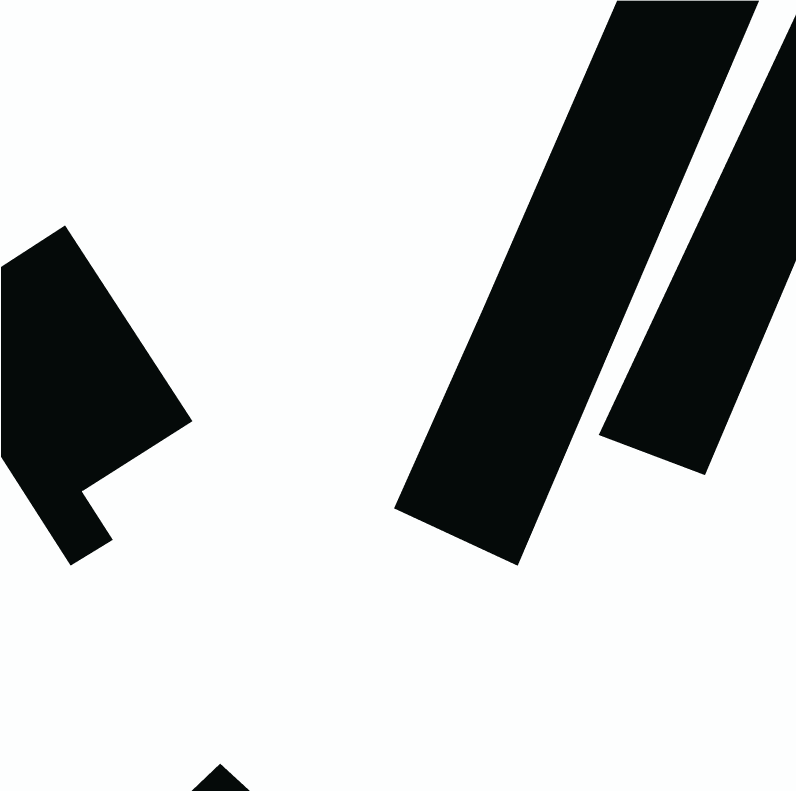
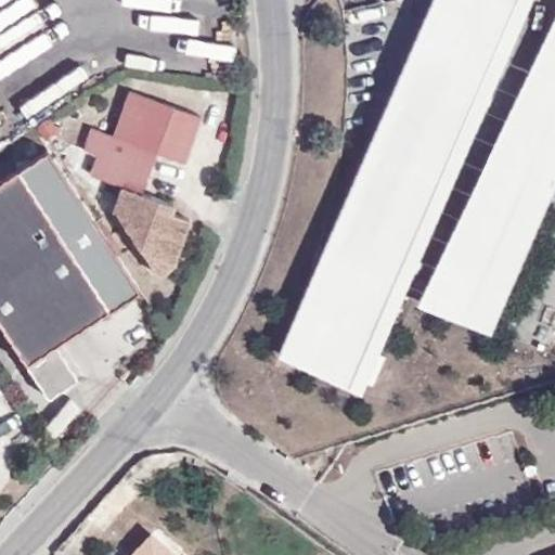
building: none -> [87,91,204,275]

